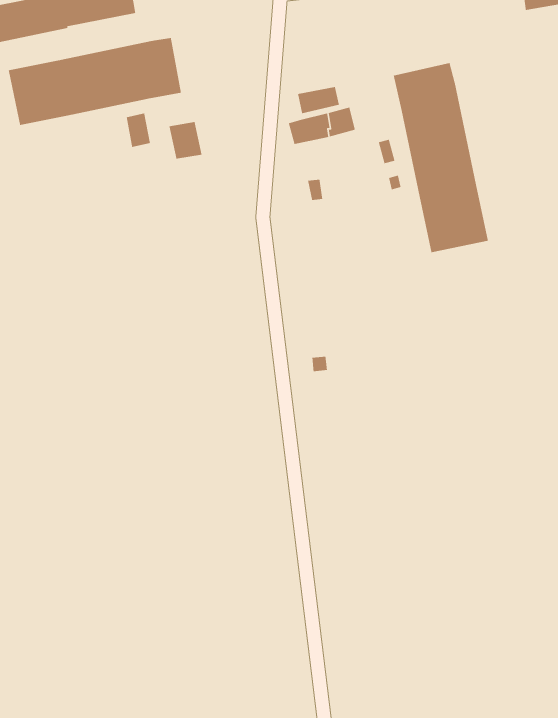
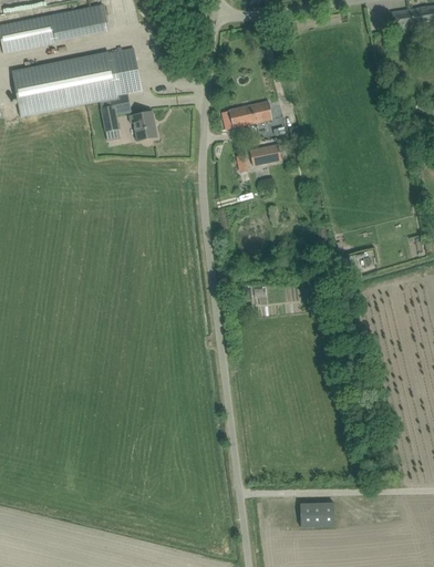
building: [393,62,489,253] -> none
building: [297,86,340,114] -> [249,144,281,165]
building: none -> [300,502,334,526]

